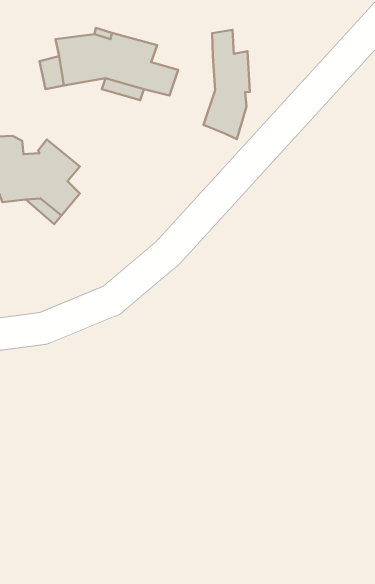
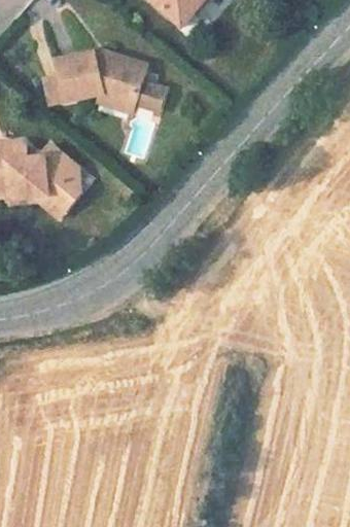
building: [204,30,250,139] -> none

